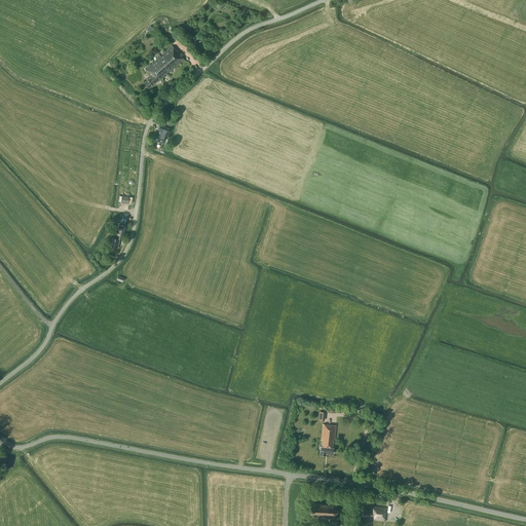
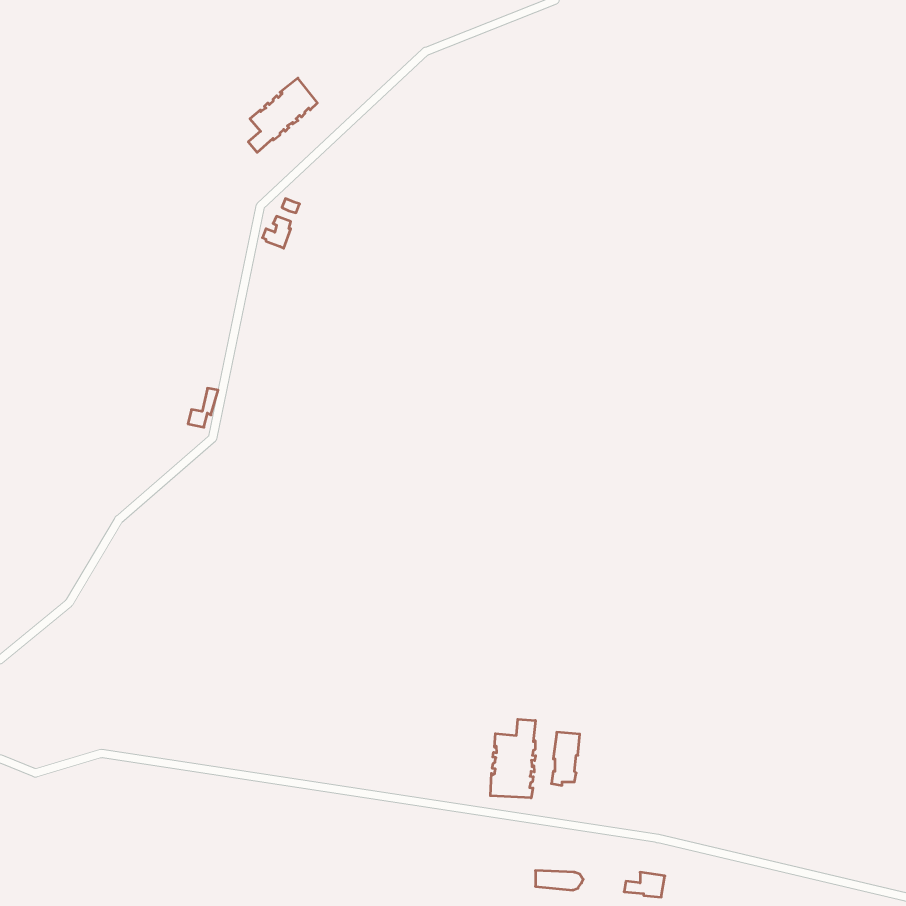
building: none -> [490,719,536,798]

